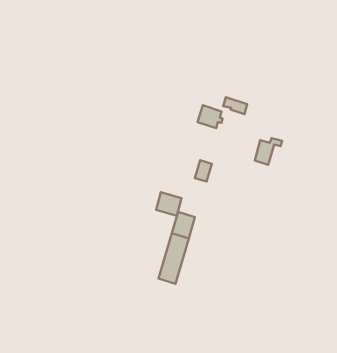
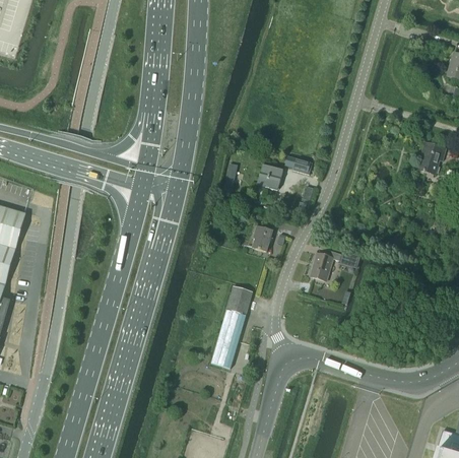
building: [255,138,282,165] -> [310,250,341,280]
building: [156,192,182,216] -> none

